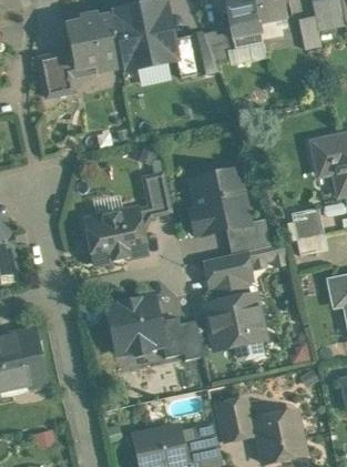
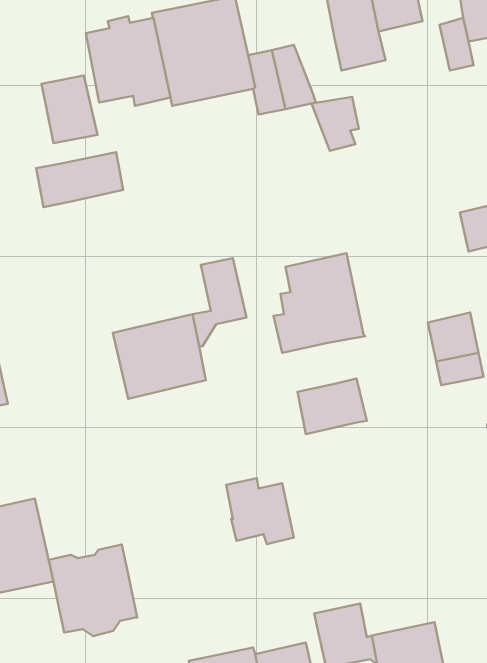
building: [203,27,234,62] -> [311,97,359,151]
building: none -> [36,152,123,207]
building: [225,217,269,253] -> none
building: [206,278,263,346] -> none
building: [105,294,163,354] -> [49,545,137,636]

